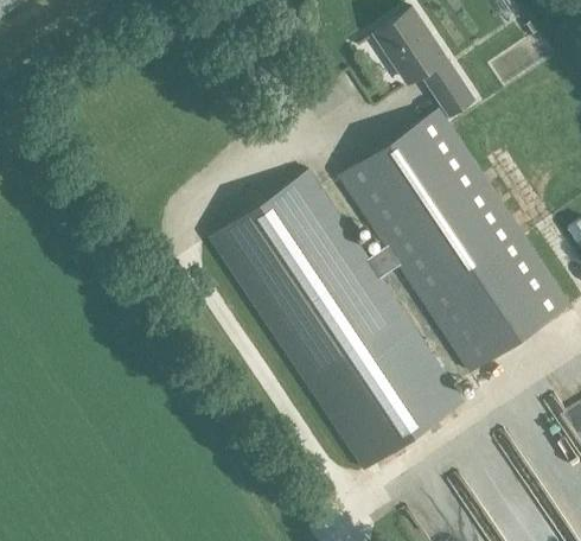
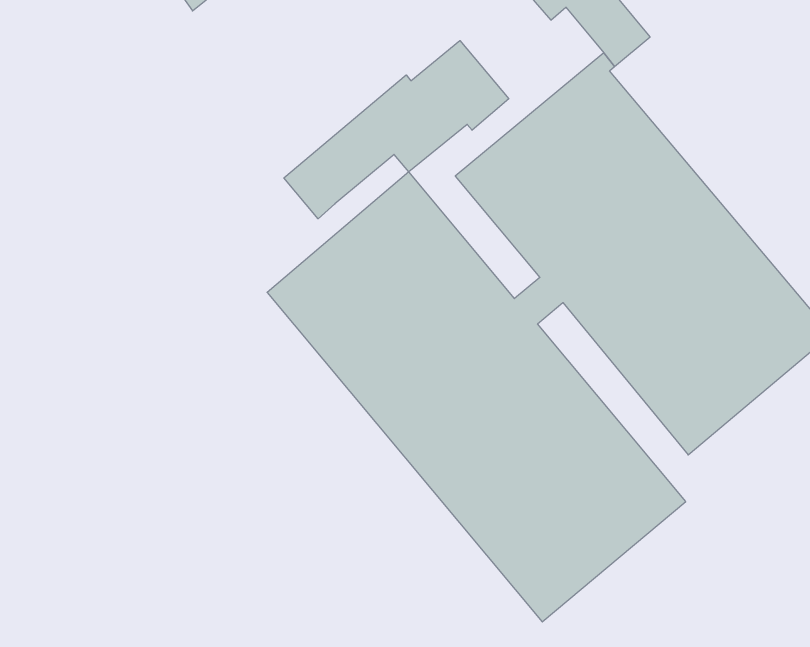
building: none -> [284,41,509,219]

